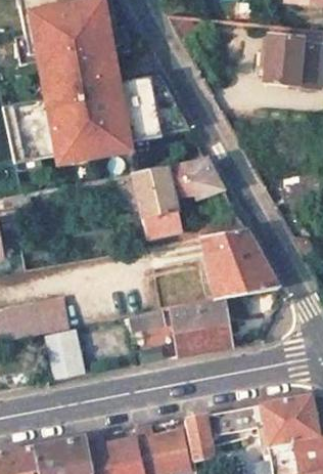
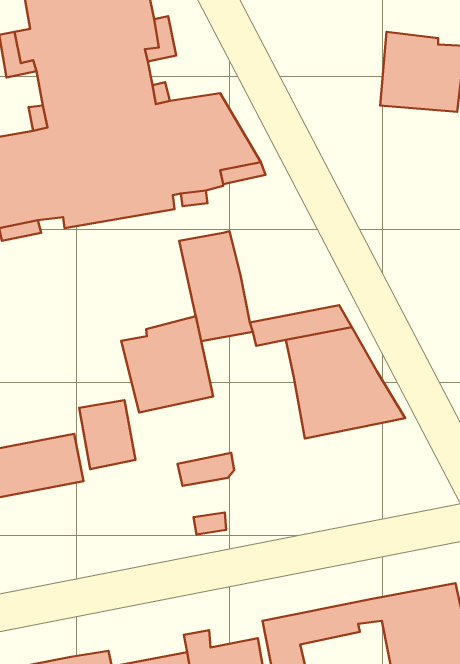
building: [164,159,220,199] -> none
building: none -> [121,316,213,413]
building: [171,303,232,356] -> none
building: [47,332,84,377] -> [79,400,136,469]

